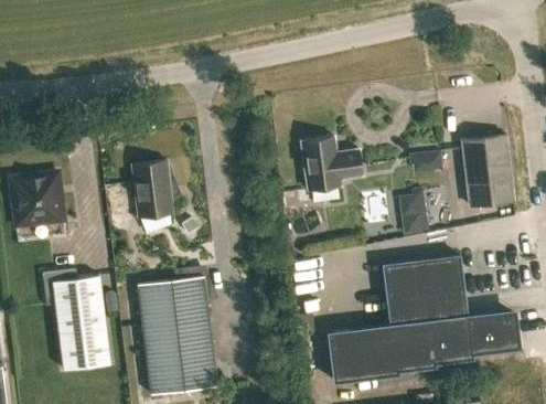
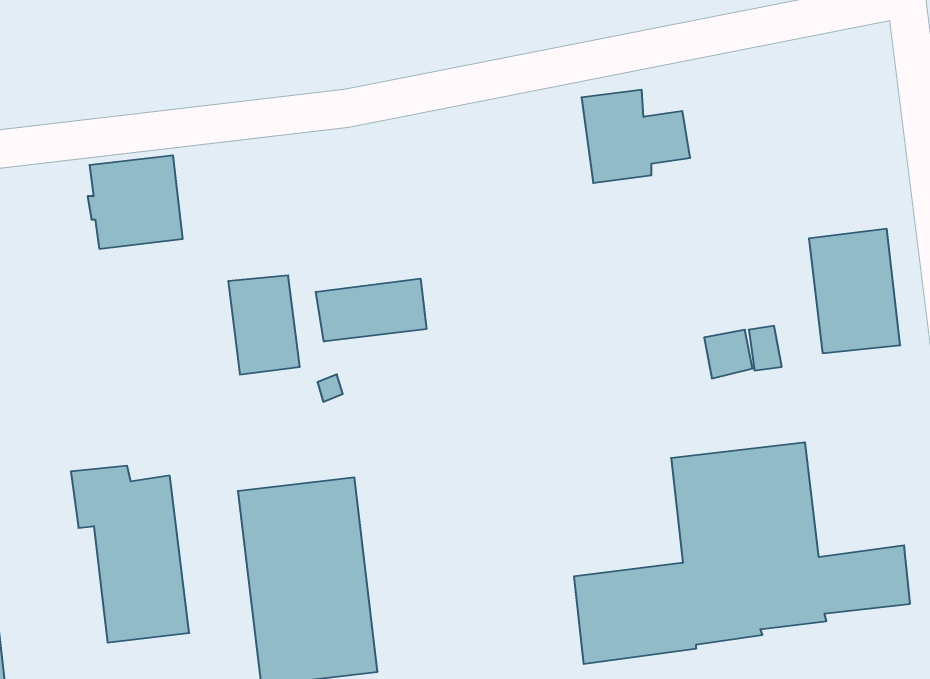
building: [301,138,363,191] -> [581,90,690,183]
building: none -> [316,279,426,342]
building: [10,173,64,226] -> [88,155,183,249]

